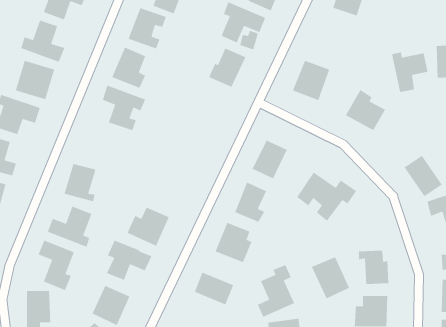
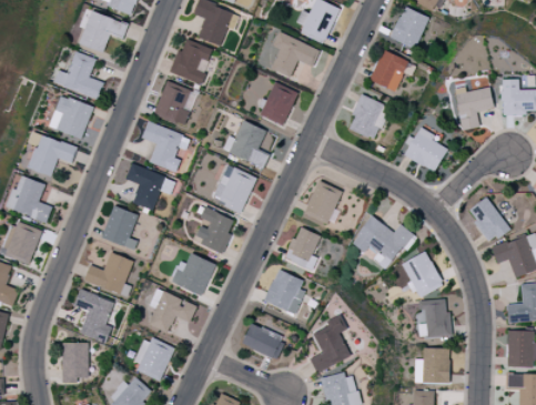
building: none -> [370,50,408,92]
building: none -> [222,121,269,168]
building: none -> [125,164,175,211]
building: none -> [212,164,257,212]
building: none -> [200,207,235,253]
building: [311,256,350,299] -> [401,252,443,298]

